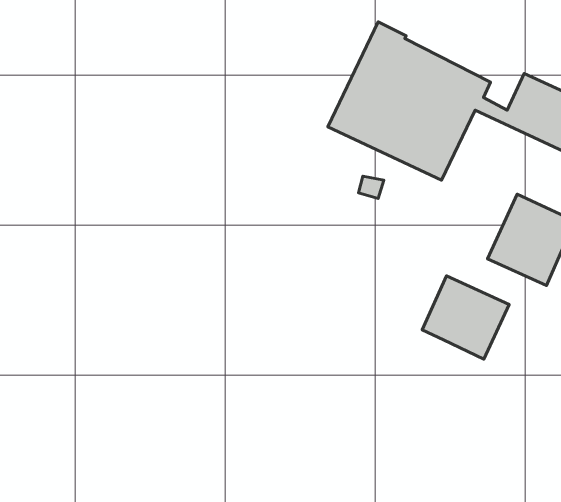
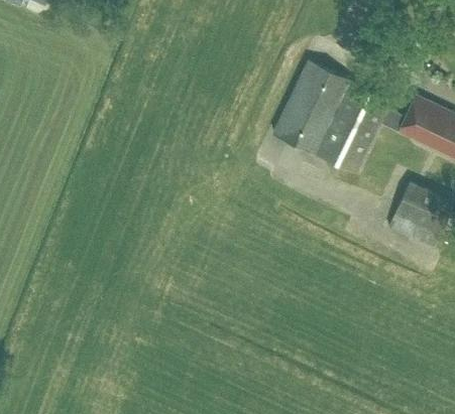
building: [422,276,509,359] -> none

